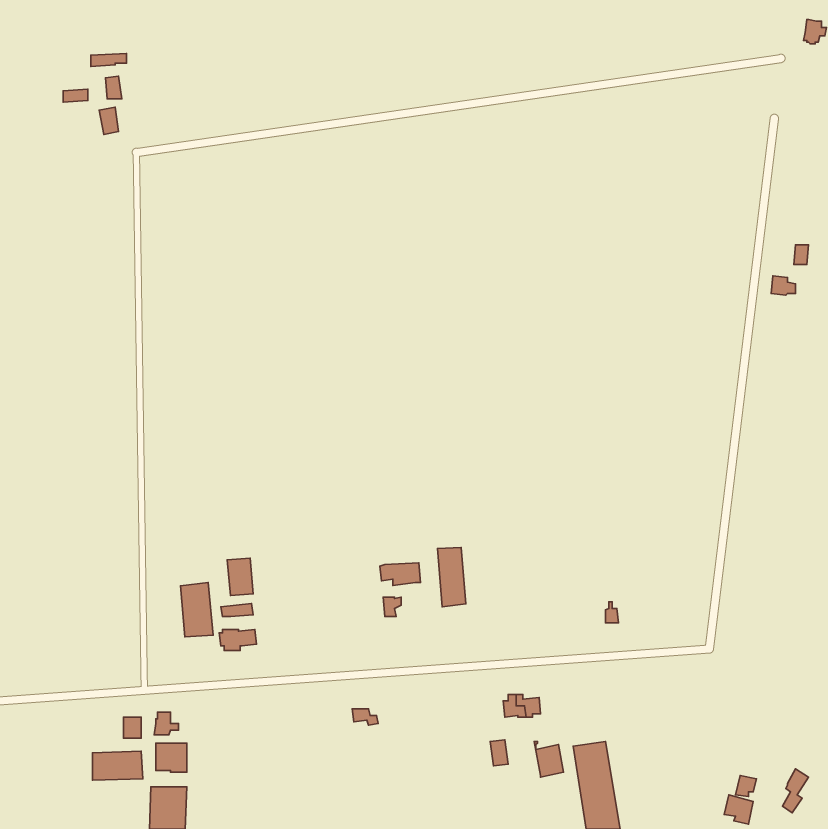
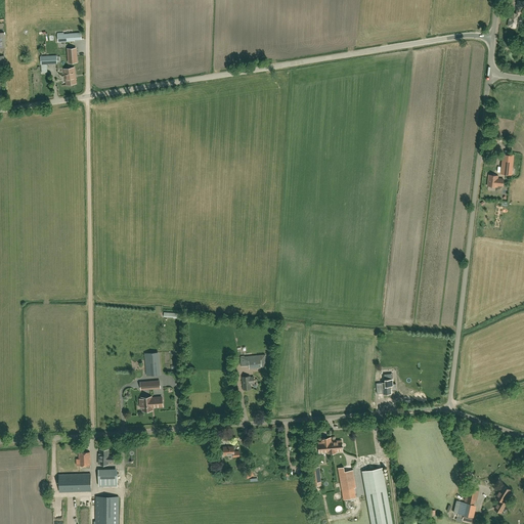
building: [437,547,466,607] -> none
building: [180,582,213,637] -> none

